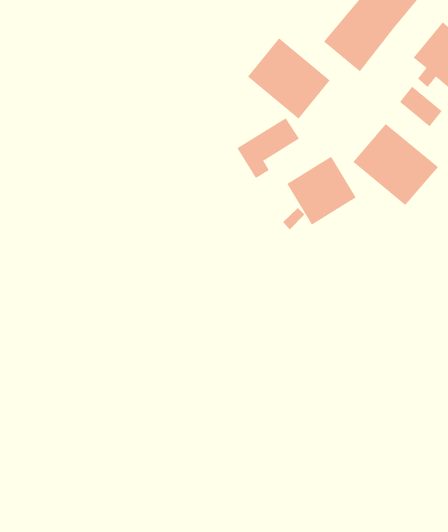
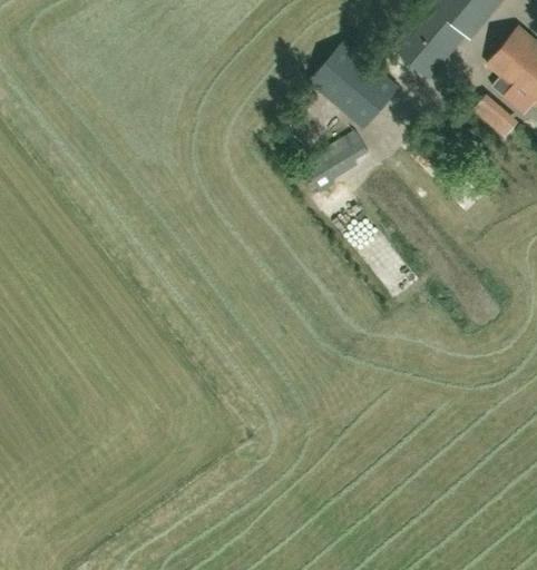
building: [353,123,439,206] -> none
building: [287,156,357,226] -> none

